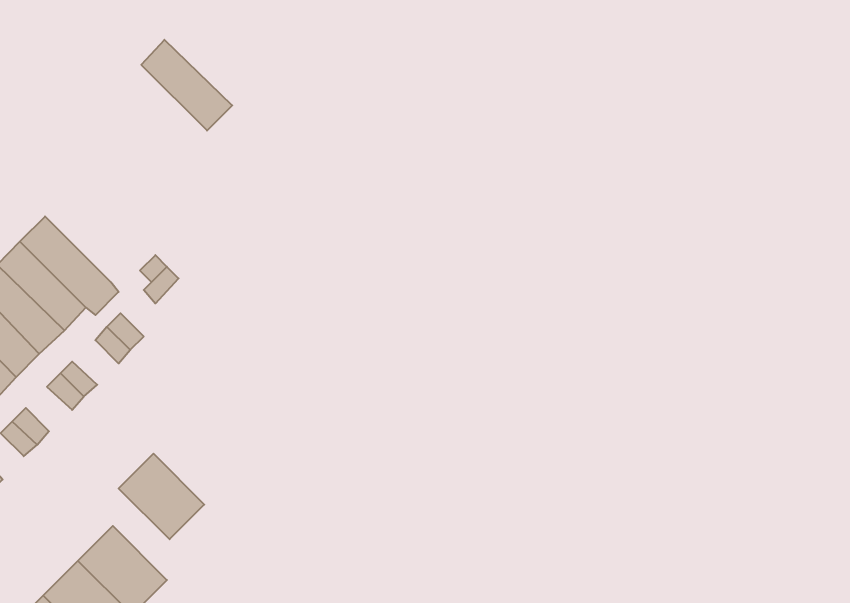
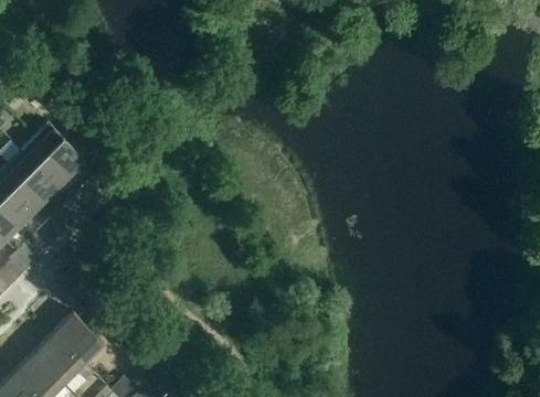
building: [141,40,232,131] -> [33,124,85,175]
building: [119,454,204,539] -> none

